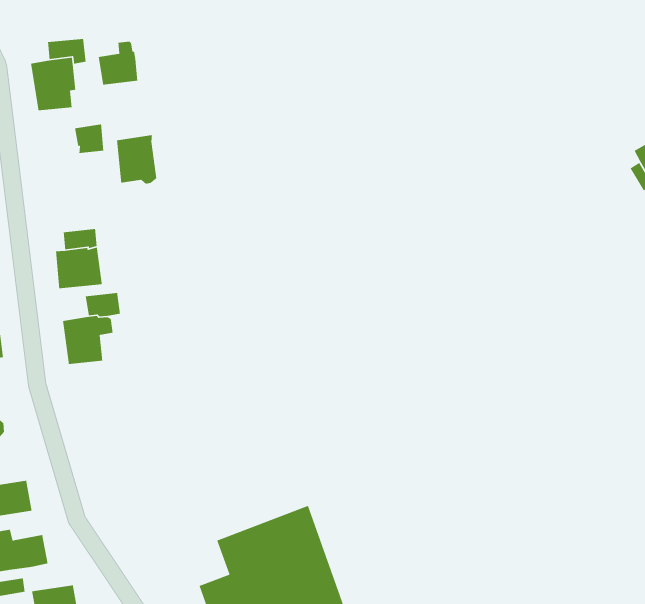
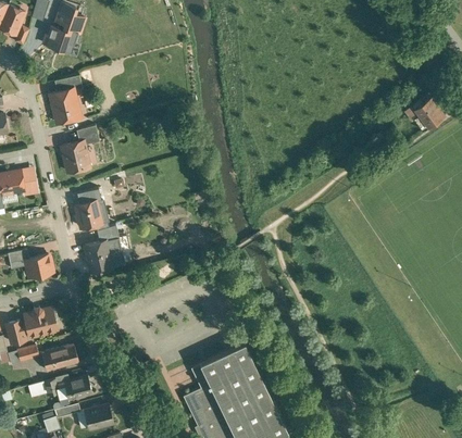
building: [98,41,138,85] -> none
building: [116,134,157,185] -> [61,141,88,173]

